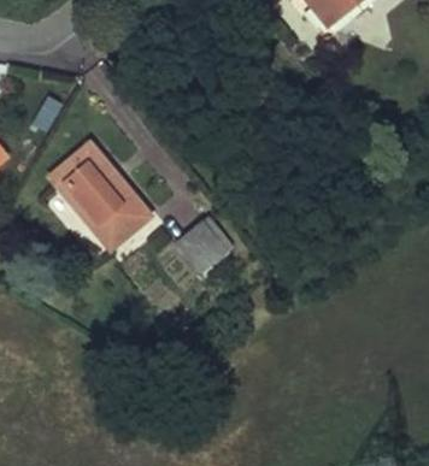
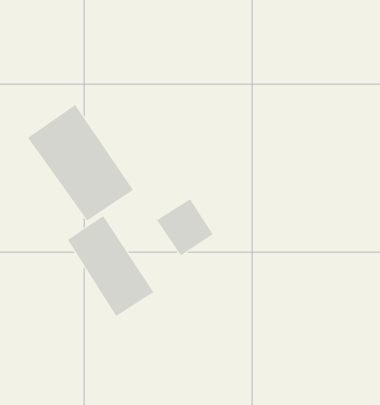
building: none -> [67,215,154,317]

